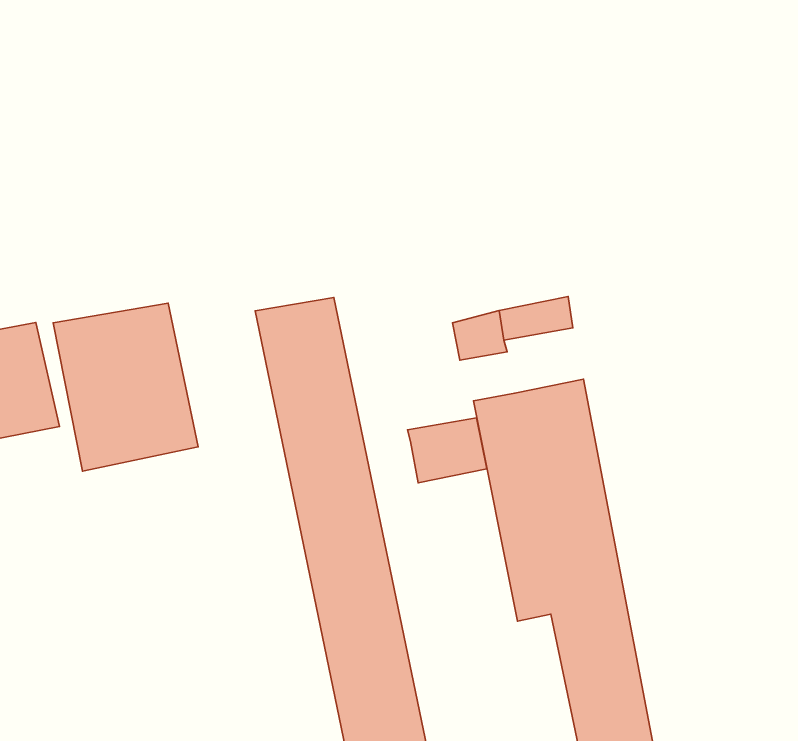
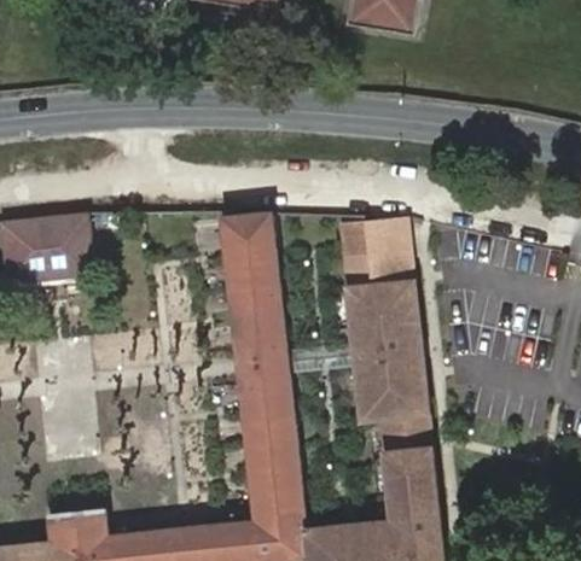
building: [53,303,198,471] -> none
building: [407,418,487,483] -> [368,244,414,280]

